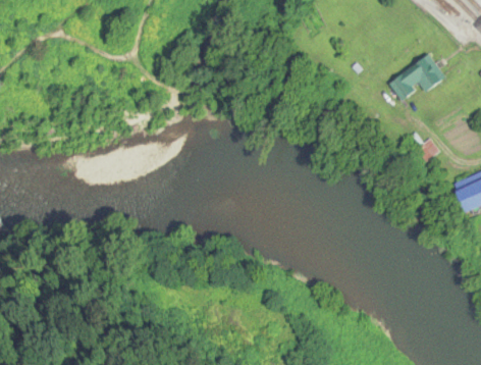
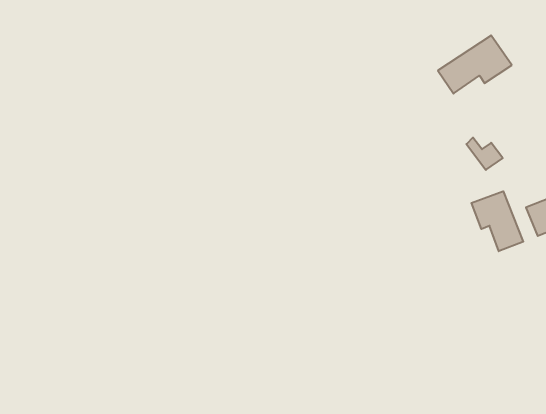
building: none -> [471,191,523,251]

